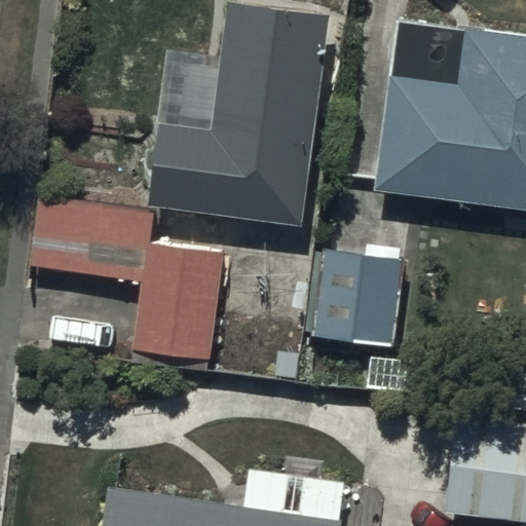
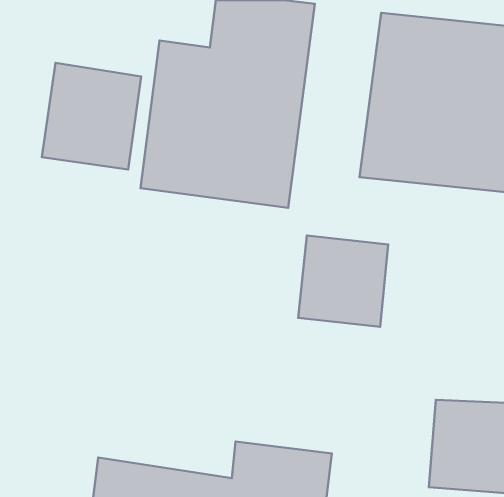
building: none -> [42,63,141,169]
building: [31,196,224,362] -> none

